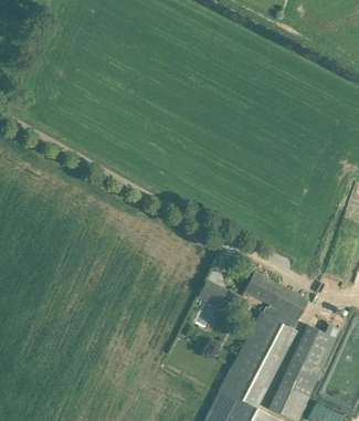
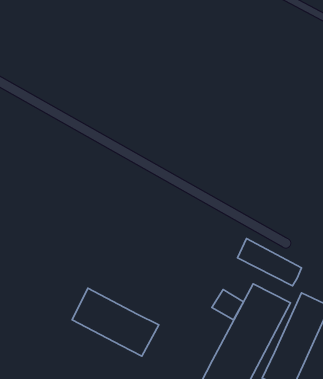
building: [197,277,228,307] -> [212,289,243,320]
building: none -> [72,288,159,356]

